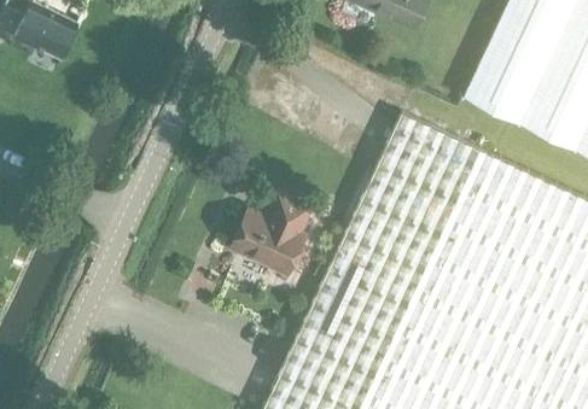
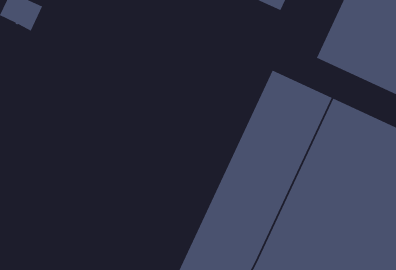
building: [232,193,312,275] -> none

